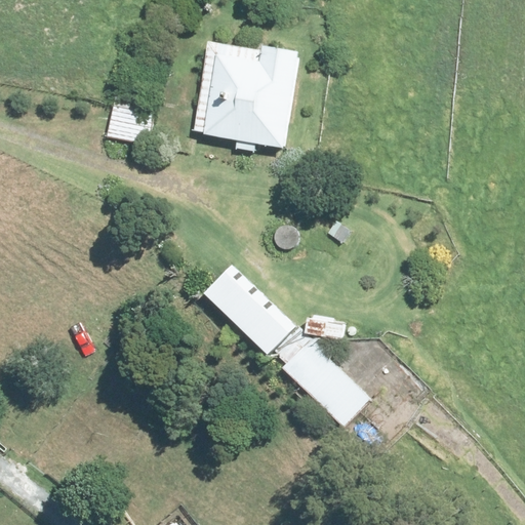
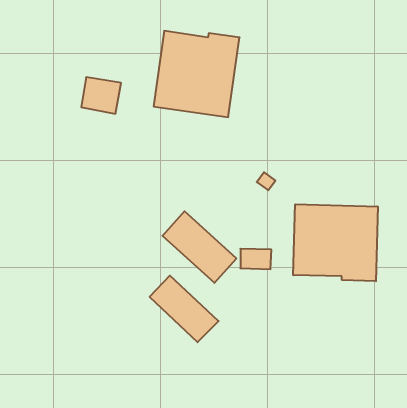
building: none -> [293,204,378,281]
building: [282,340,369,425] -> [150,276,219,342]

